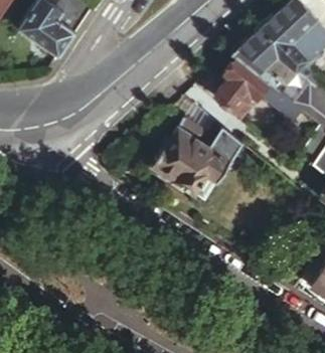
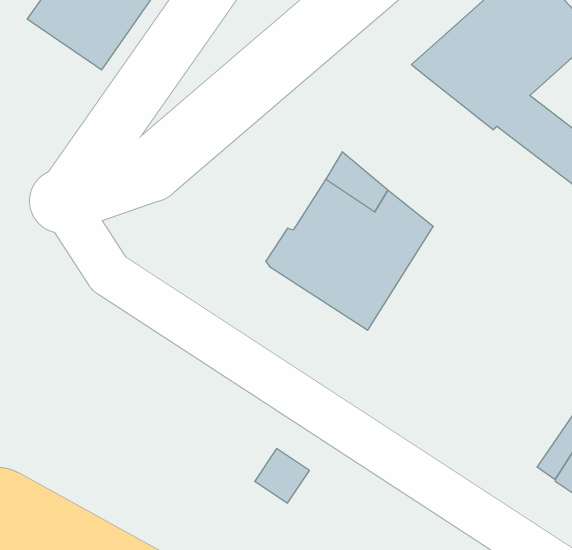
building: [213,59,302,122] -> none

